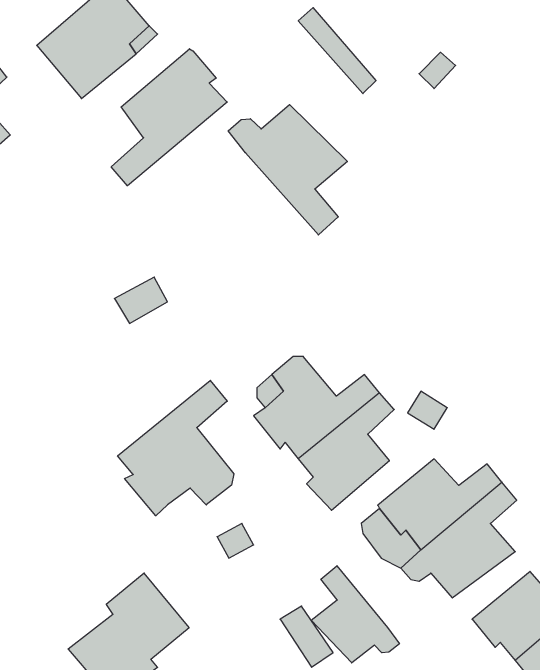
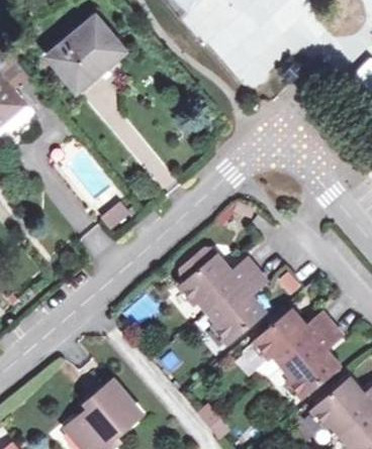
building: [111,49,227,186] -> none
building: [228,105,347,235] -> none
building: [118,380,234,516] -> none
building: [311,566,399,663] -> none

